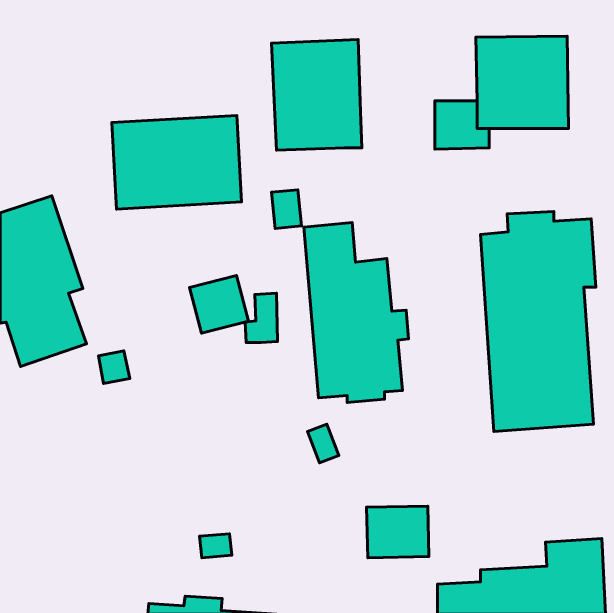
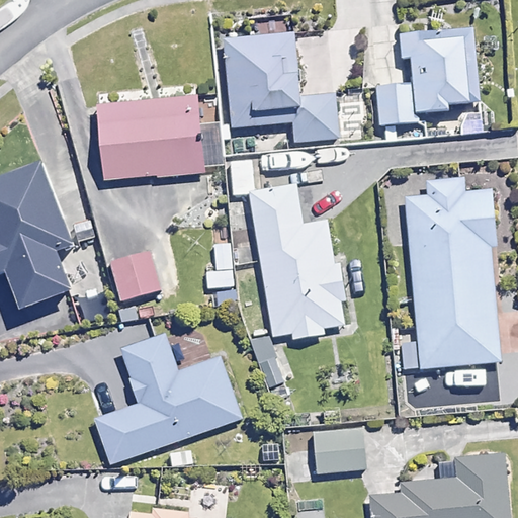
building: none -> [290,94,335,142]
building: [190,275,248,333] -> [107,250,157,298]
building: none -> [96,333,241,462]

